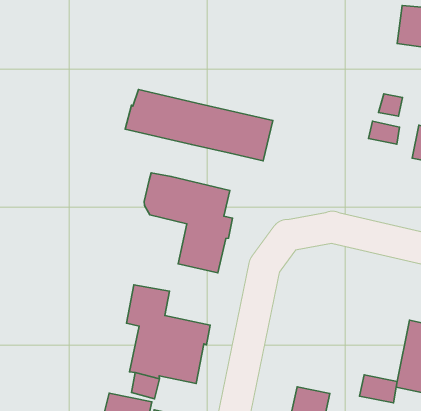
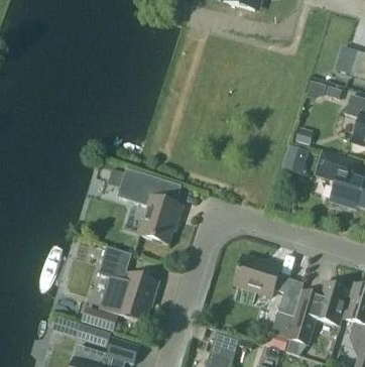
building: [125,89,273,161] -> none
building: none -> [233,254,302,315]

